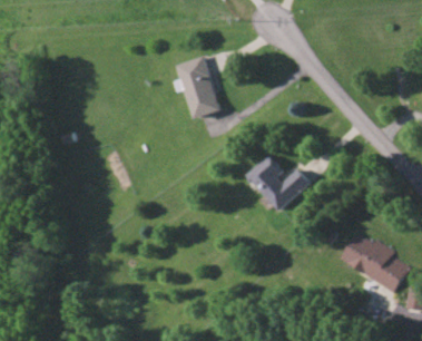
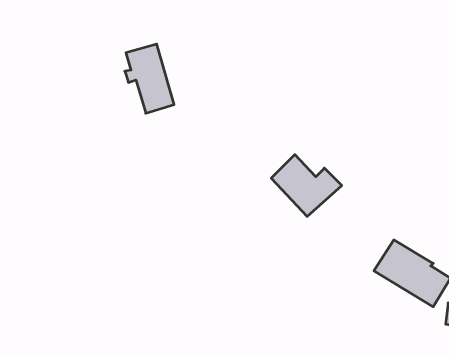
building: [174,57,218,119] -> [125,44,174,113]

